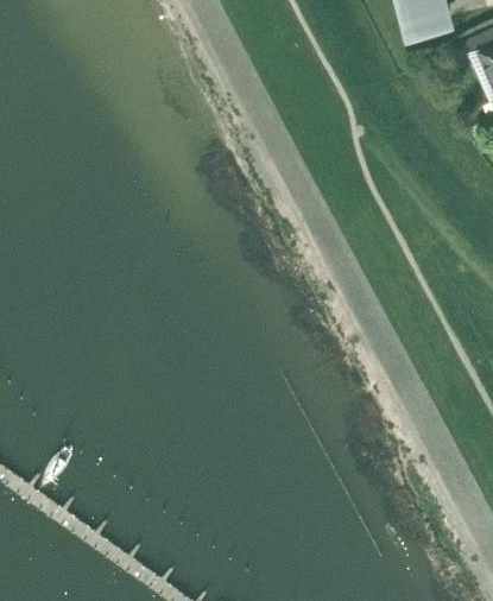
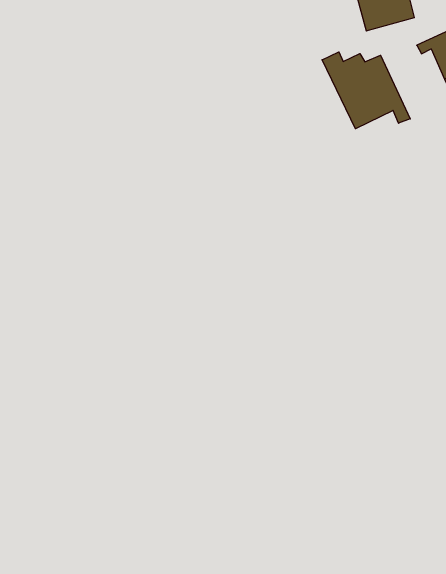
building: none -> [322,52,410,129]

